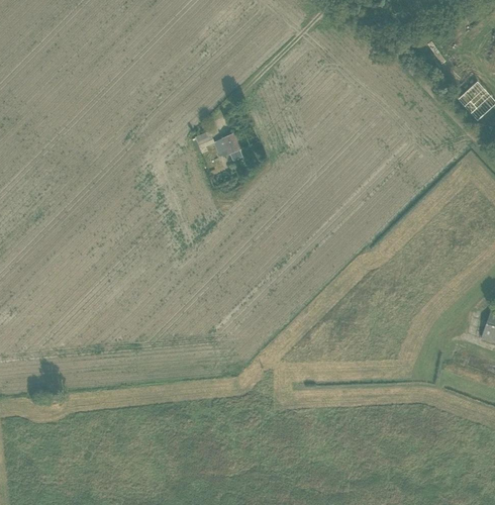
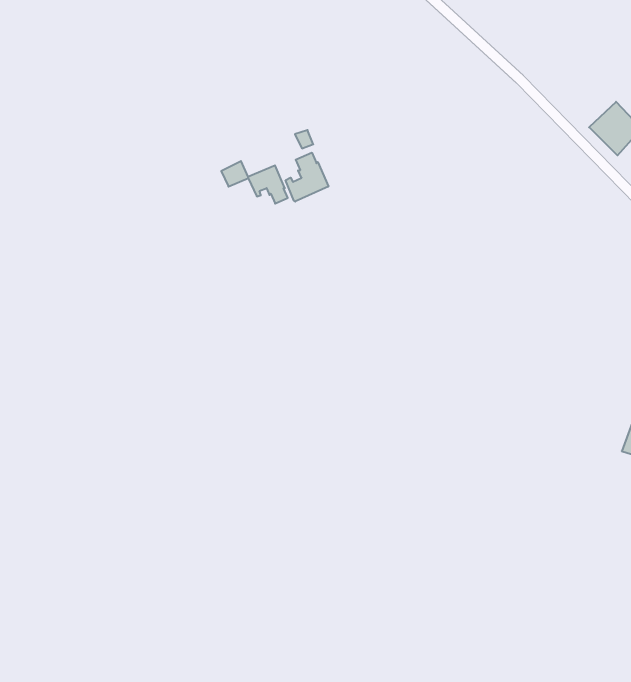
building: none -> [286,153,328,202]

